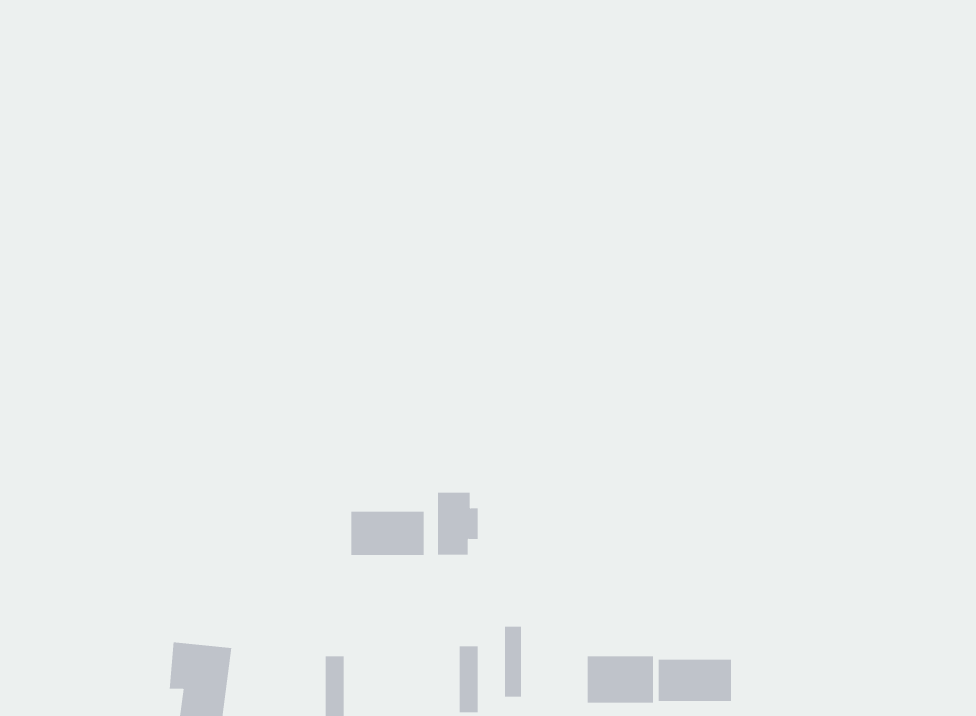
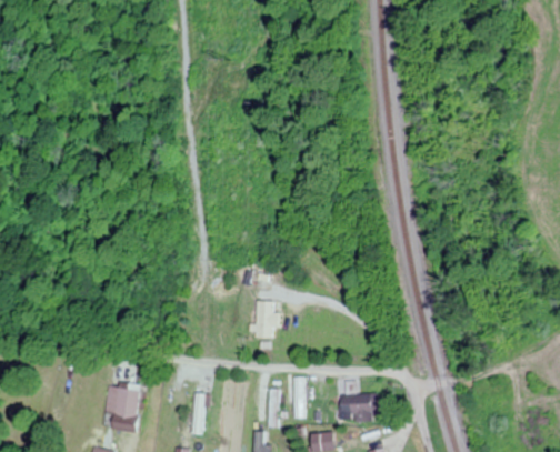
building: [351,511,424,556] -> none
building: [658,659,732,702] -> none

